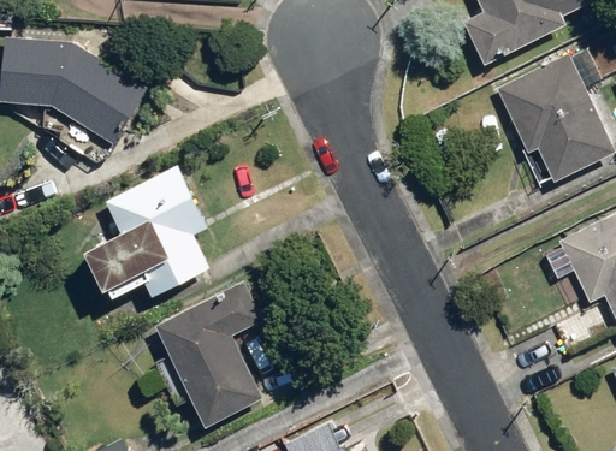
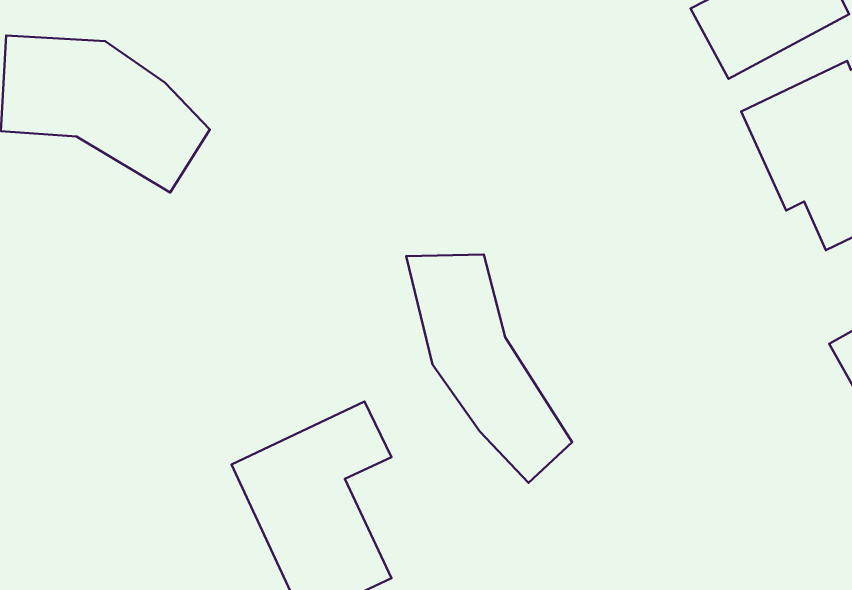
building: [82,165,211,299] -> none
building: none -> [406,254,572,483]

